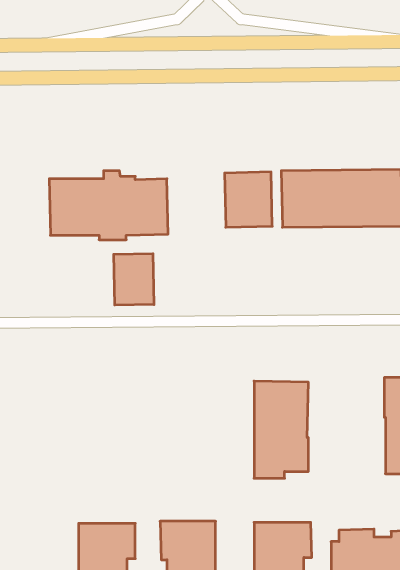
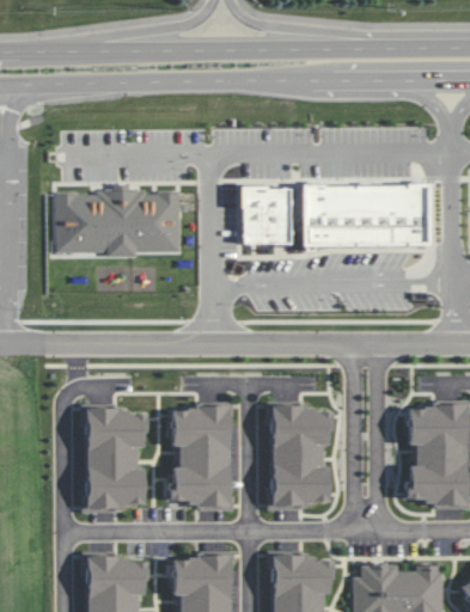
building: [114,254,154,305] -> none
building: none -> [171,408,231,509]
building: none -> [86,410,146,509]

